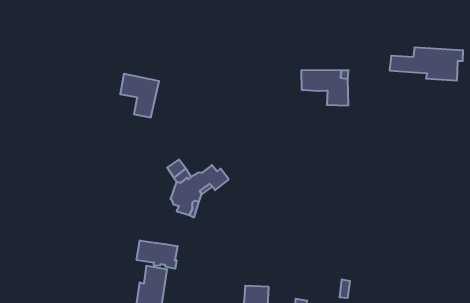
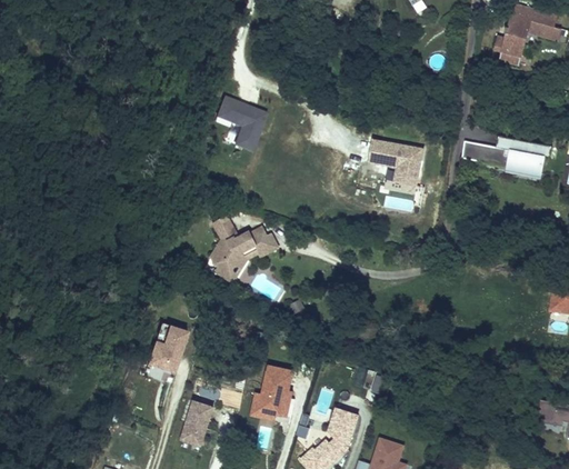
building: [120,74,159,117] -> [222,99,267,151]
building: [137,240,178,269] -> none

